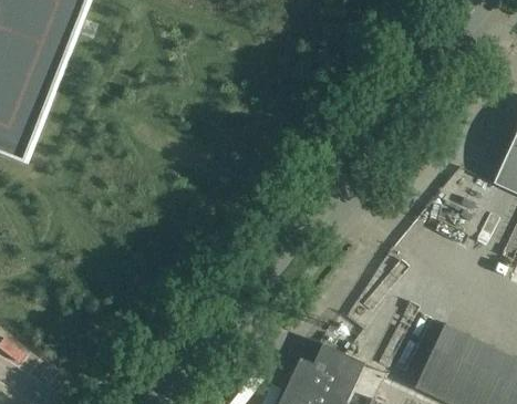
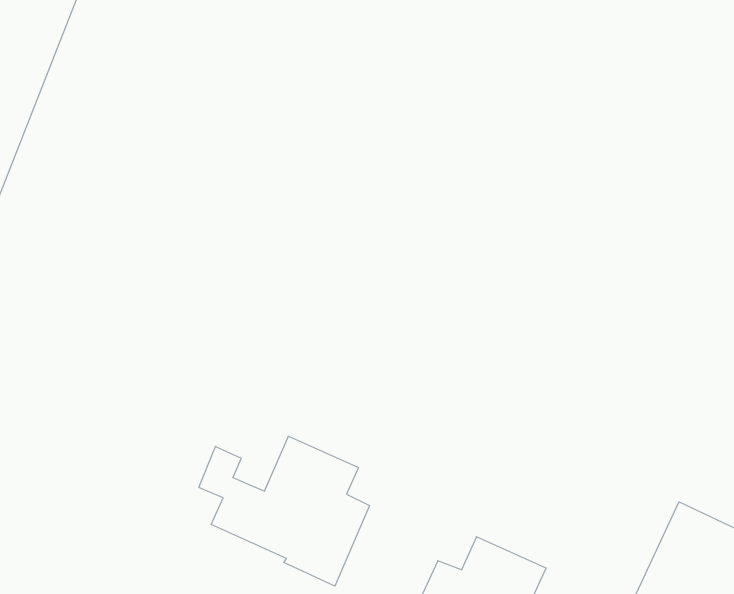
building: none -> [199,436,369,586]

